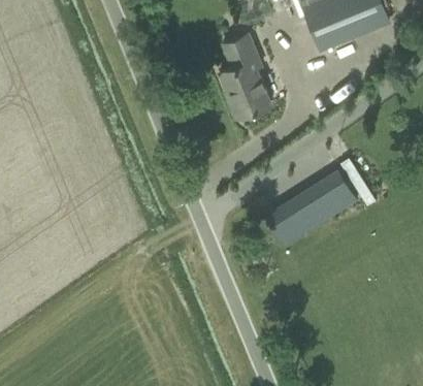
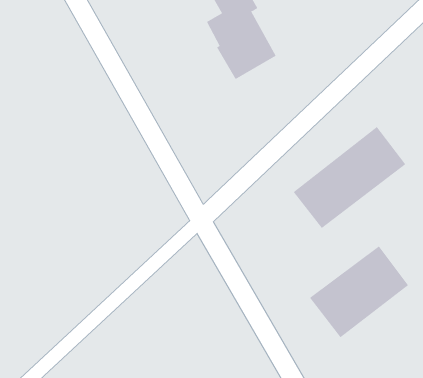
building: none -> [309,245,409,338]

